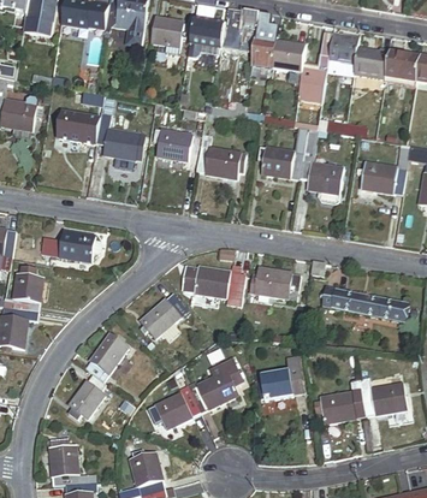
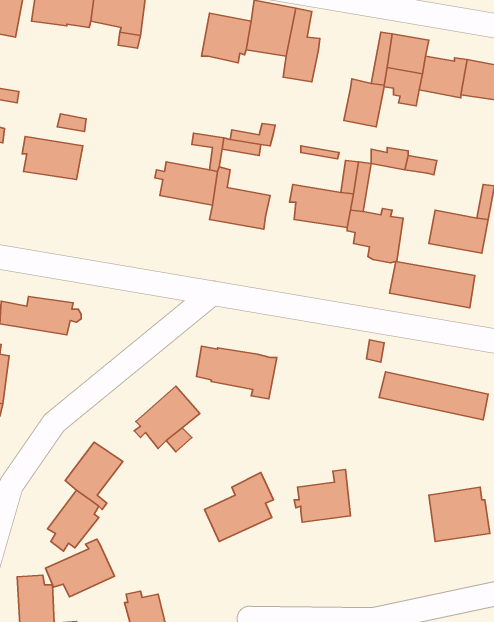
building: [152,17,186,53] -> none
building: [272,45,306,73] -> none
building: [95,113,144,160] -> none
building: none -> [390,261,475,308]
building: [250,269,302,301] -> none
building: [321,378,364,420] -> none
building: [150,386,202,429] -> [46,539,114,597]

